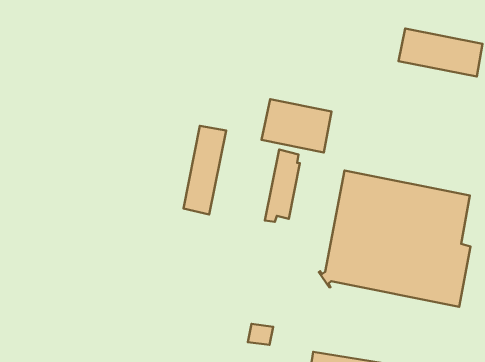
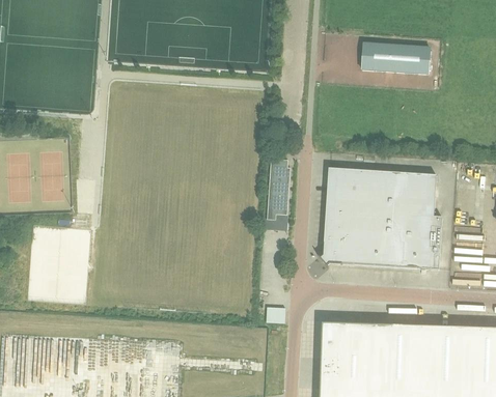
building: [261,99,332,152] -> none
building: [183,126,226,214] -> none

